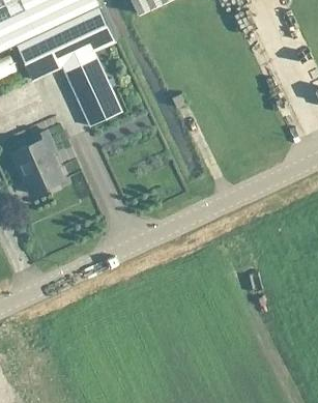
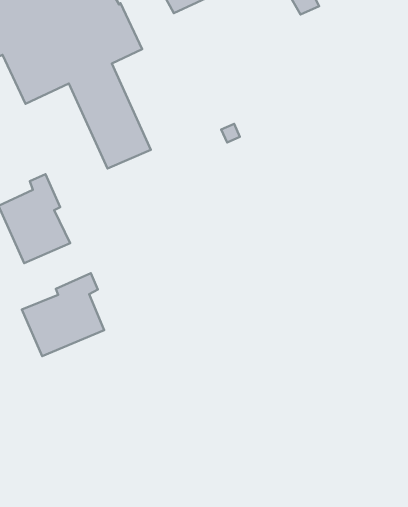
building: none -> [22,273,104,356]

